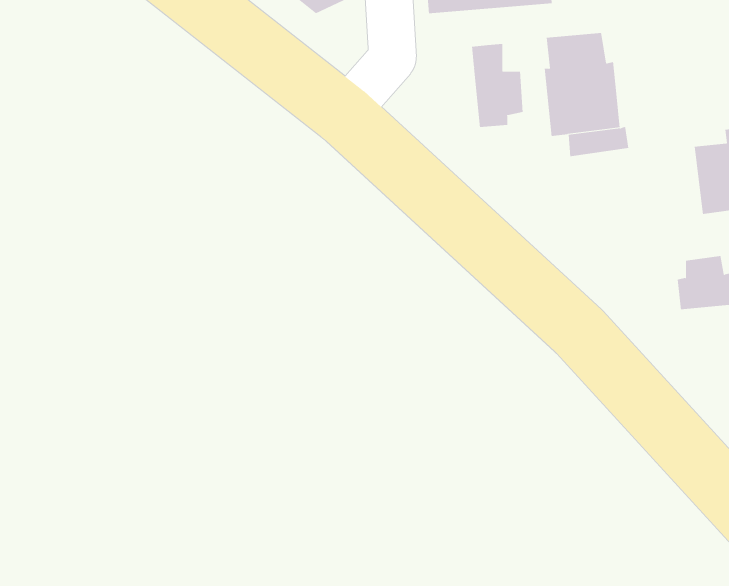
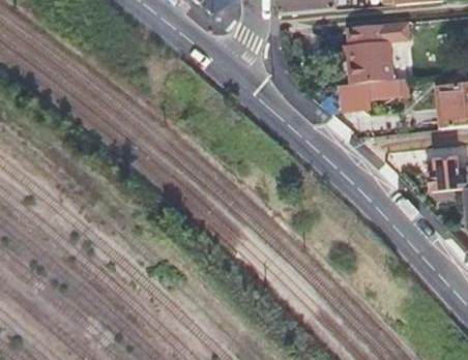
building: [471,43,523,128] -> none

